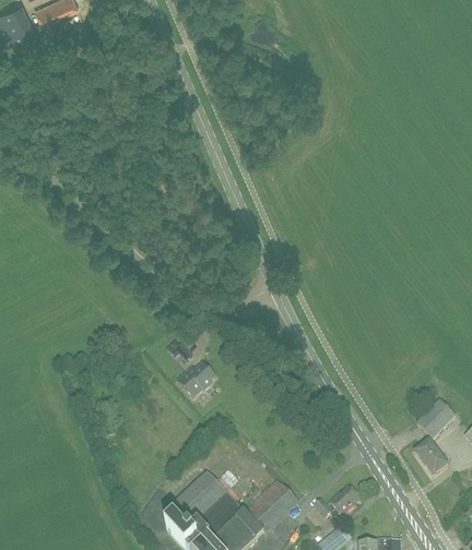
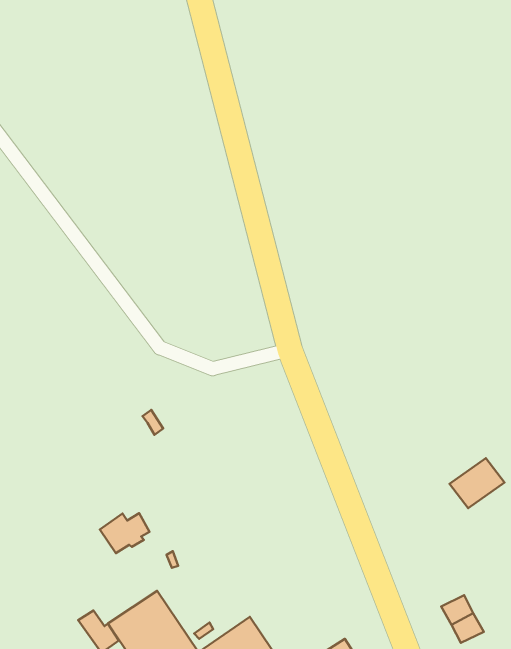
building: [178,362,214,394] -> [100,513,150,553]
building: [416,399,456,438] -> [450,458,504,508]

